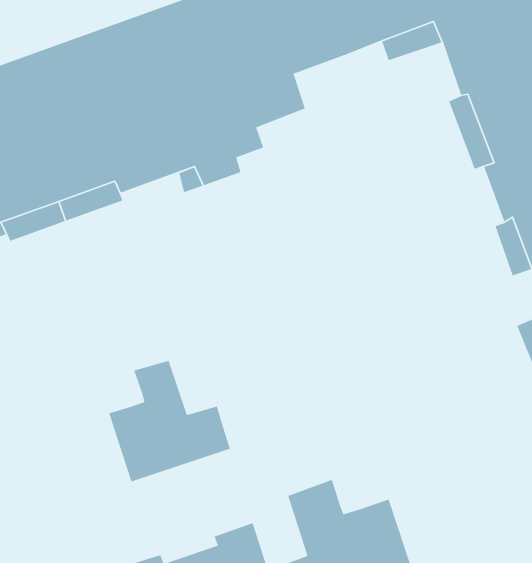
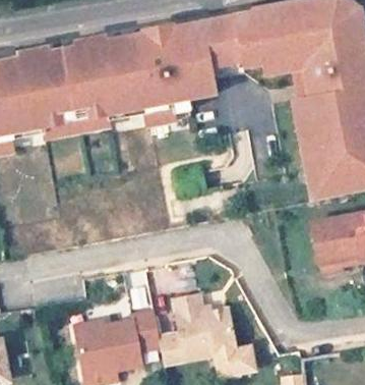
building: [108,360,231,483] -> none

